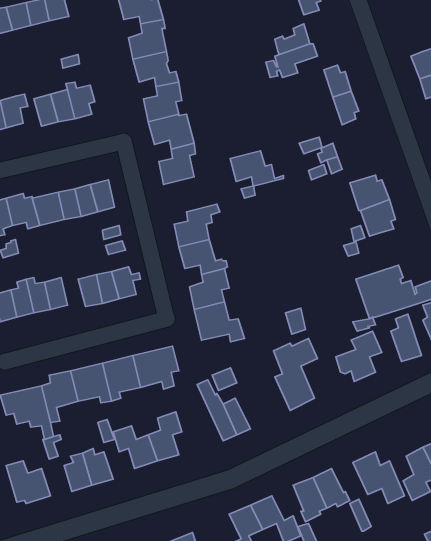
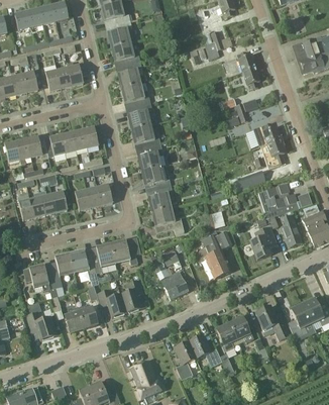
building: [230,151,284,186] -> [130,124,166,147]

